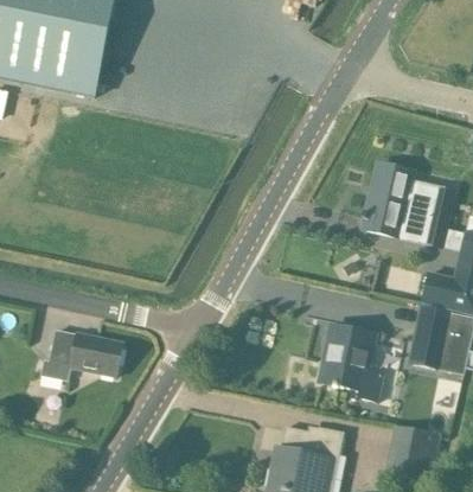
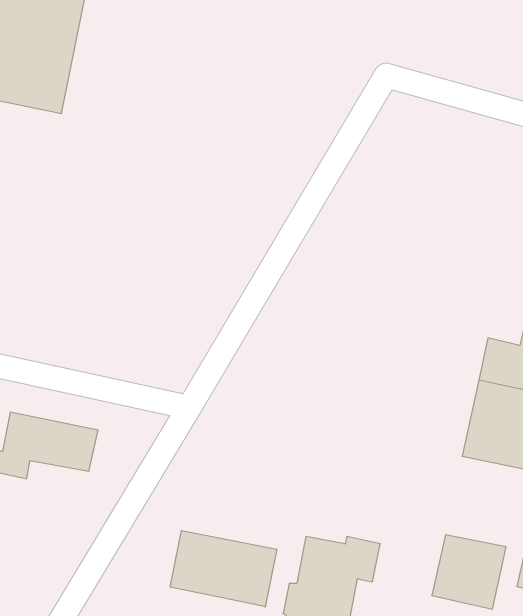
building: [363,165,439,243] -> none
building: [319,326,383,402] -> none
building: none -> [170,530,277,607]

